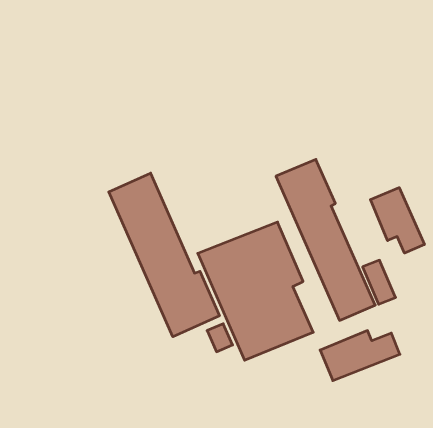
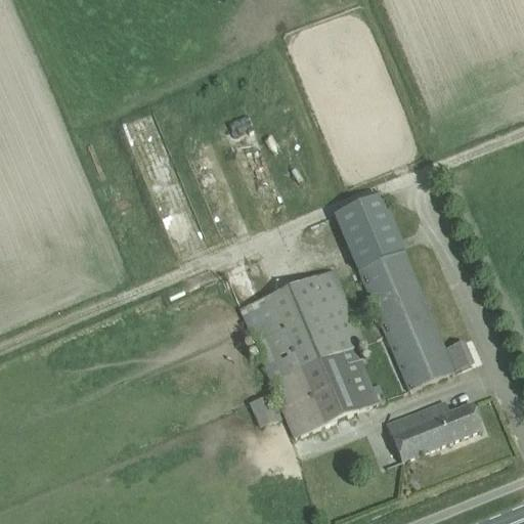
building: [109,173,219,337] -> none
building: [370,188,424,253] -> none

